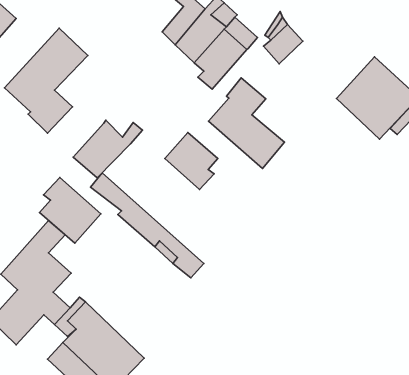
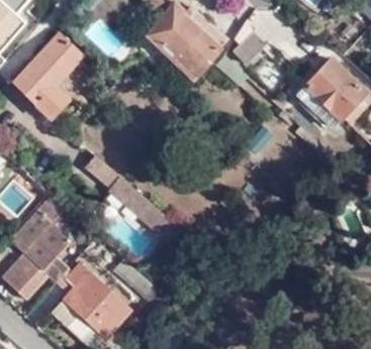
building: [208,78,285,169] -> none
building: [73,120,143,178] -> none
building: [165,132,218,190] -> none
building: [40,177,101,243] -> none

